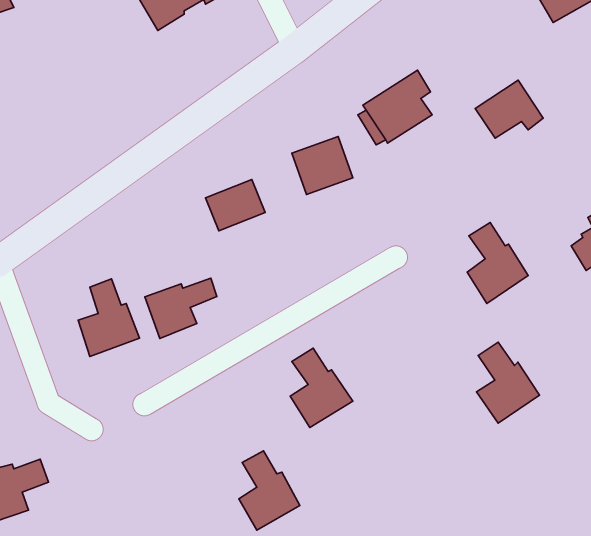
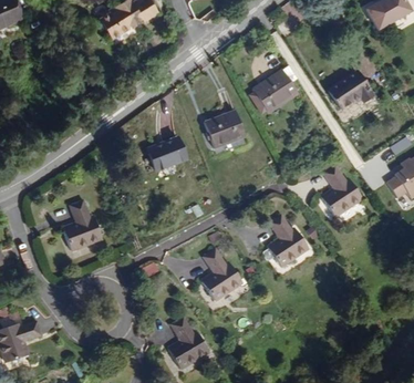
building: [145,278,217,339] -> none
building: [477,342,539,423] -> [267,216,309,270]

